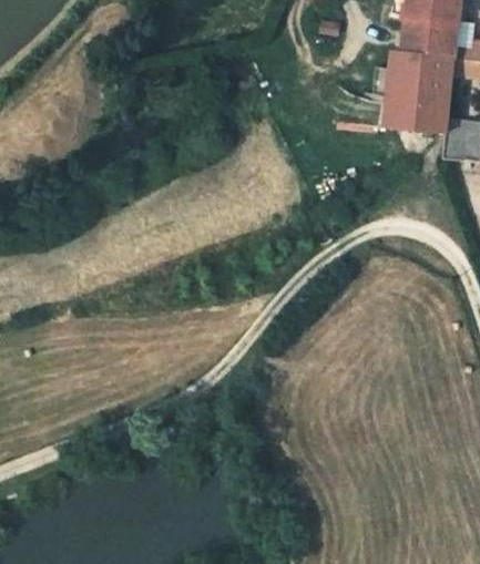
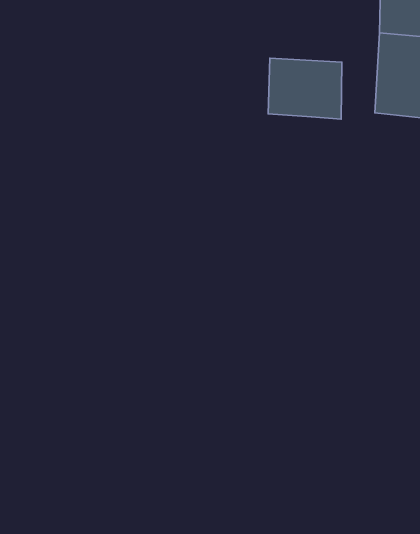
building: none -> [268,58,342,119]

